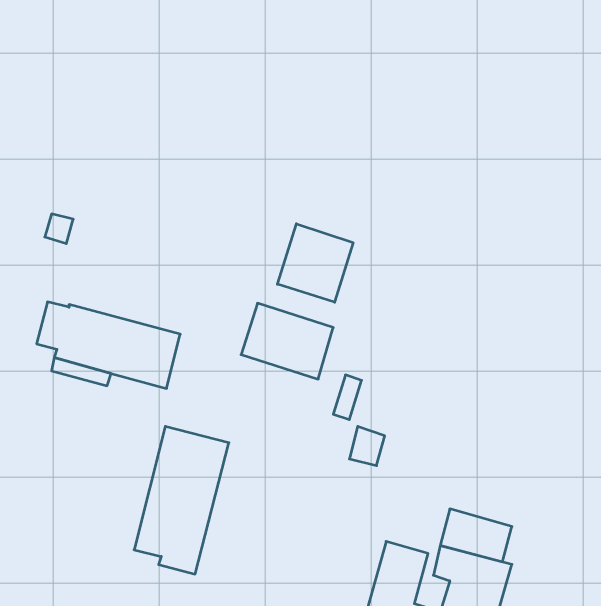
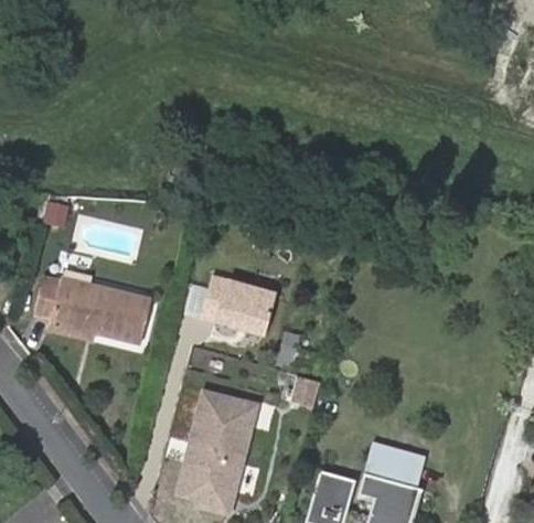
building: [277,224,353,302] -> none
building: [134,426,229,574] -> [178,394,255,514]

